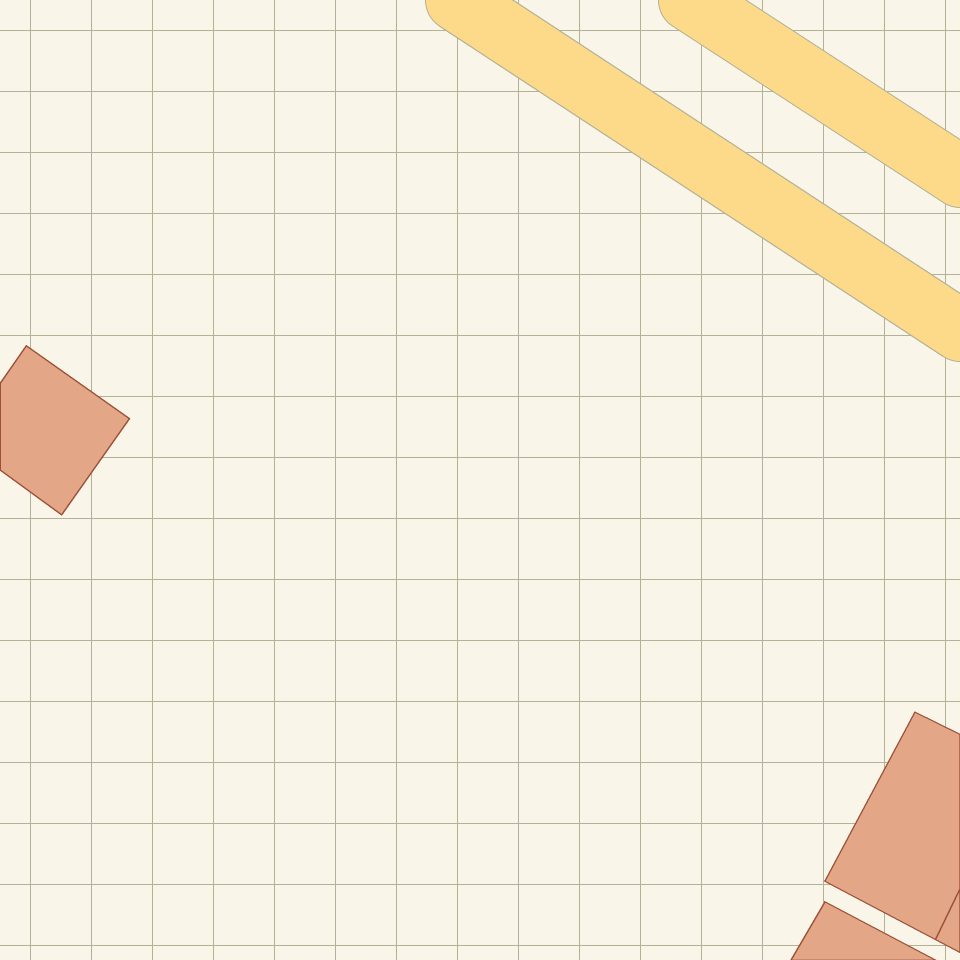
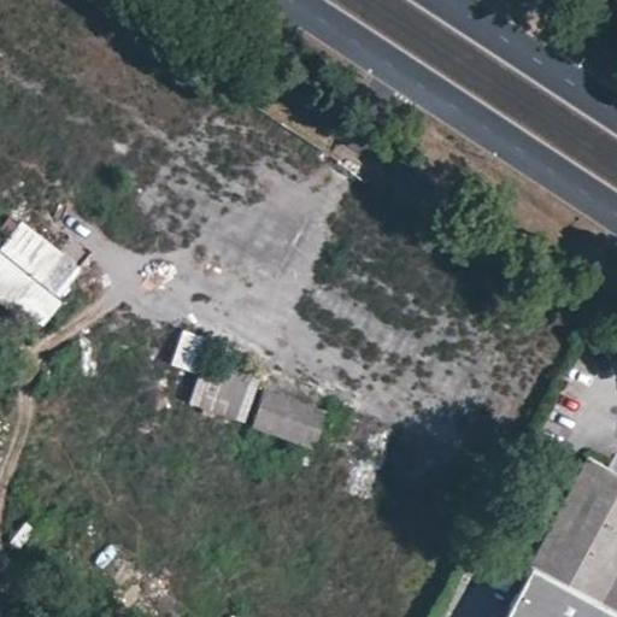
building: none -> [171,334,255,423]
building: none -> [249,390,327,451]

